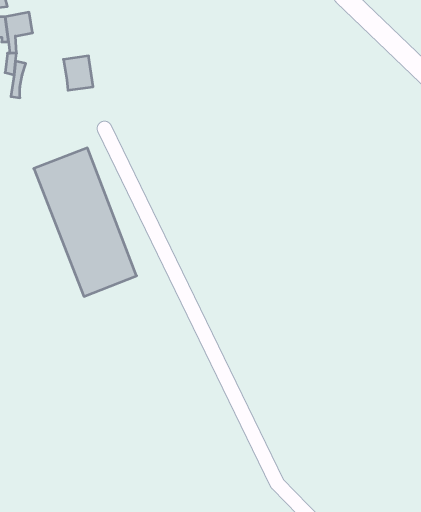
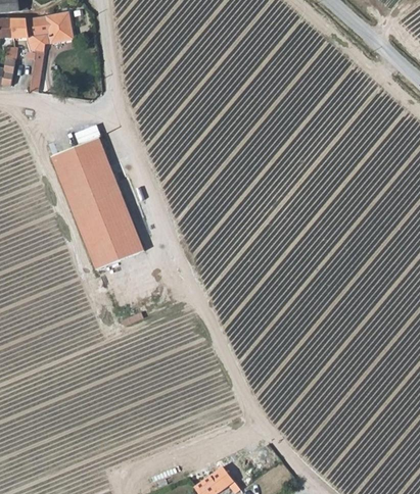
building: [63,56,93,90] -> [46,12,73,43]

